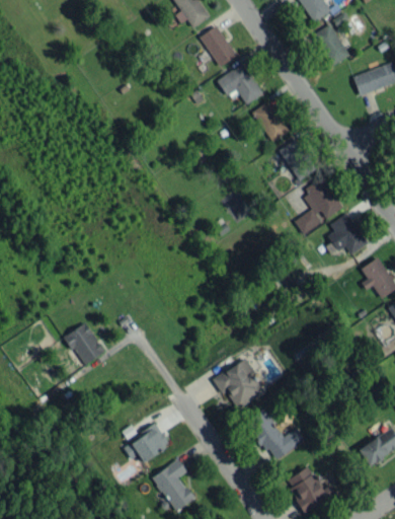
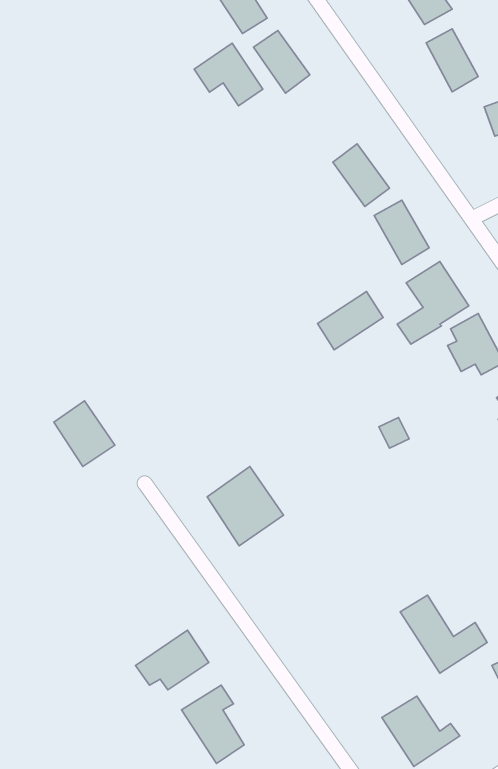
building: [217,64,262,105] -> [194,43,263,106]
building: none -> [318,291,383,350]
building: [65,323,105,367] -> [54,401,115,467]
building: [215,359,265,412] -> [207,466,284,546]
building: [246,411,304,462] -> [400,595,487,673]

